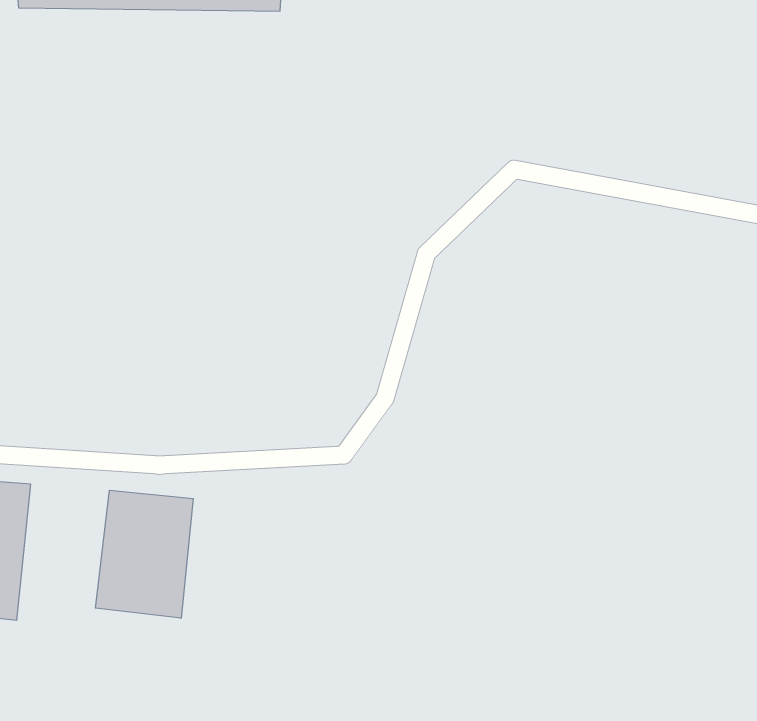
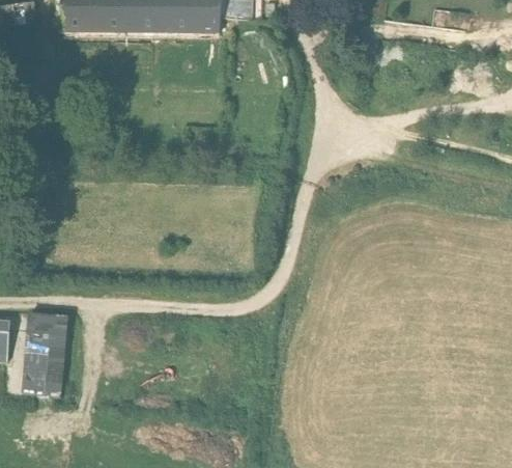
building: [95,490,193,618] -> none

